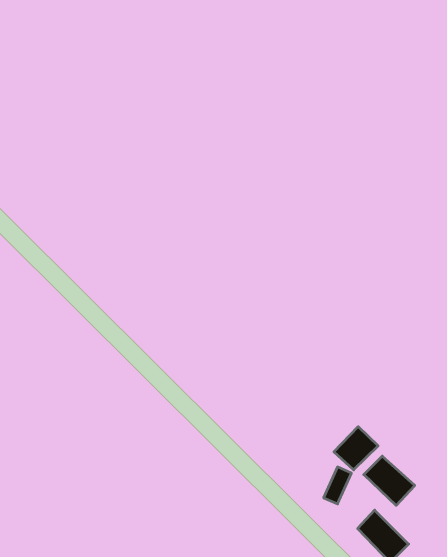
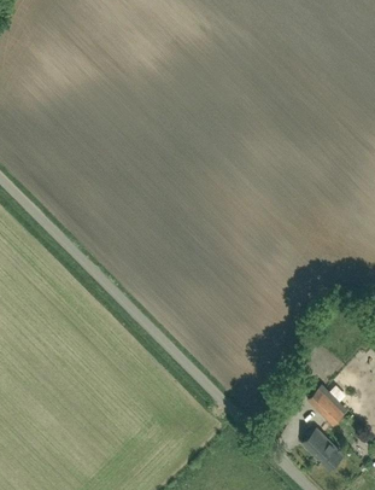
building: [334,427,378,470] -> none

